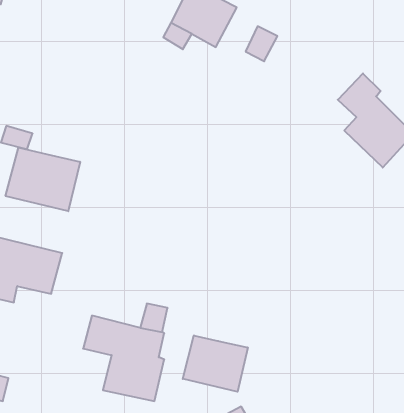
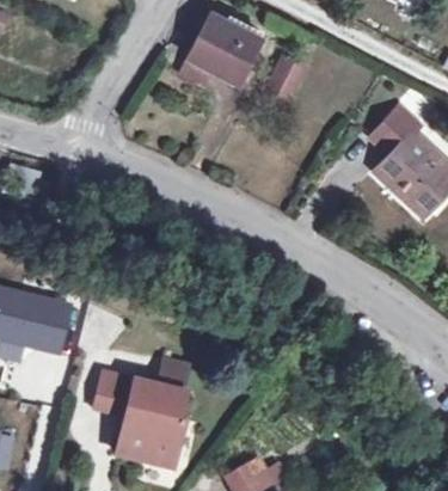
building: [6,147,80,211] -> none
building: [183,335,248,392] -> none

